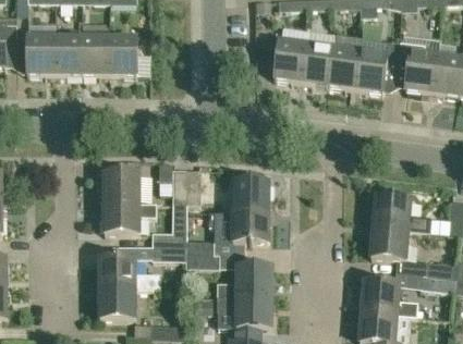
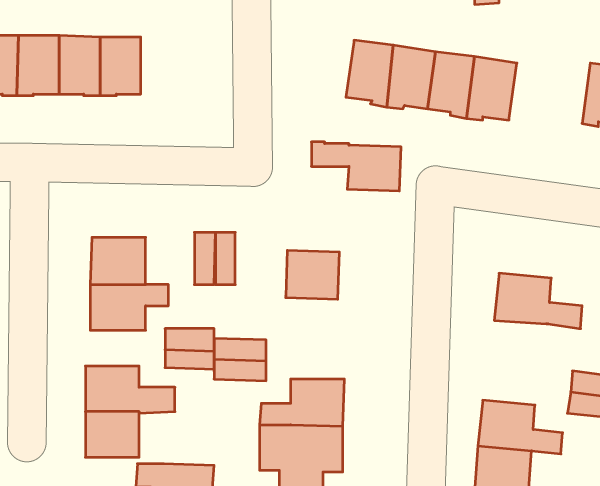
building: [398,38,437,94] -> none
building: [208,208,268,241] -> [311,142,401,191]
building: [370,225,429,258] -> none

